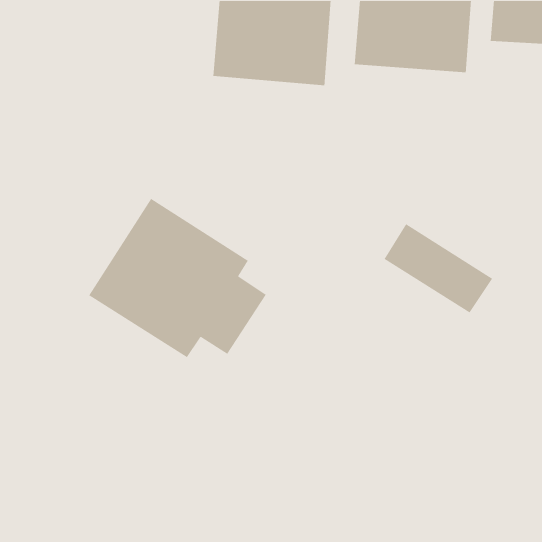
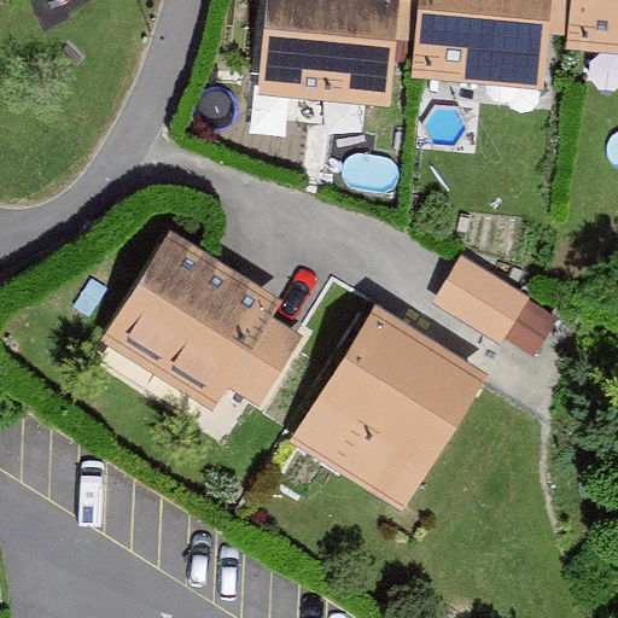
building: none -> [291,301,490,508]

